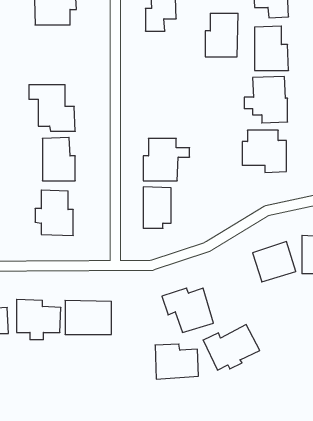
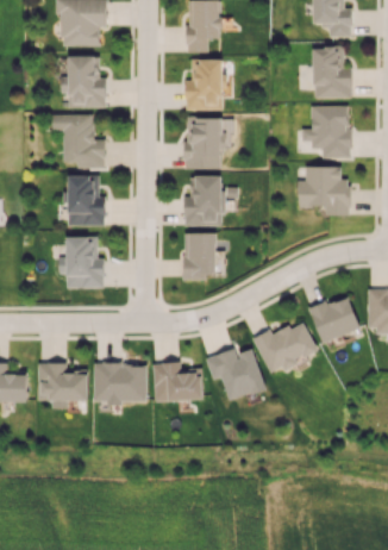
building: [205,13,238,57] -> [186,60,224,110]
building: none -> [61,56,107,107]
building: none -> [186,118,230,169]
building: [203,325,260,370] -> [254,320,319,373]
building: [155,344,198,379] -> [154,362,204,402]

